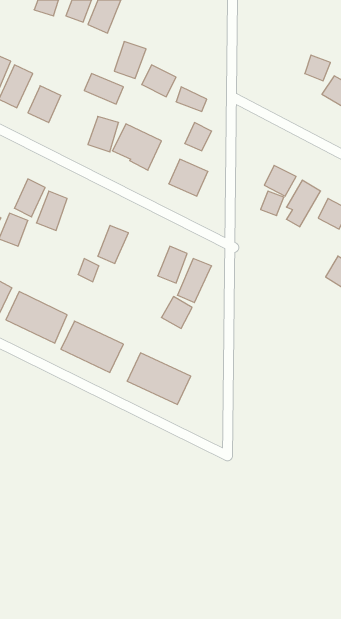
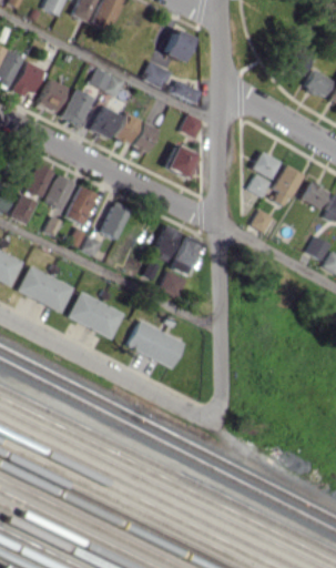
building: [114,42,146,78] -> [164,29,193,62]
building: none -> [63,89,91,124]
building: none -> [68,186,99,225]

